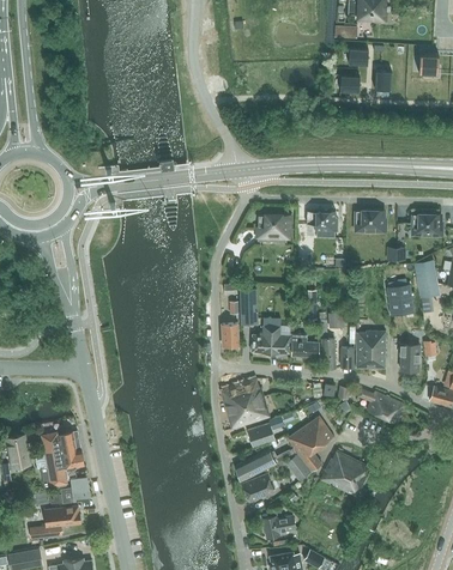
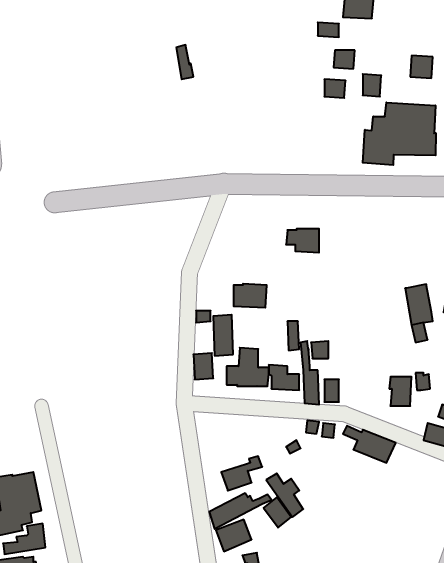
building: none -> [363,102,436,165]
building: [354,211,383,232] -> none
building: [410,213,443,237] -> none
building: [258,214,288,236] -> [234,284,267,308]
building: [387,285,413,315] -> none
building: [356,332,386,368] -> none
building: [221,378,270,429] -> none
building: [297,417,333,448] -> none
building: [321,450,372,497] -> none

